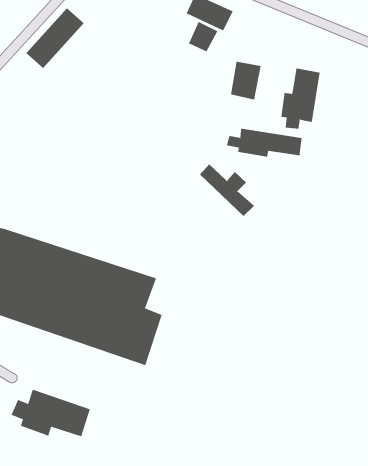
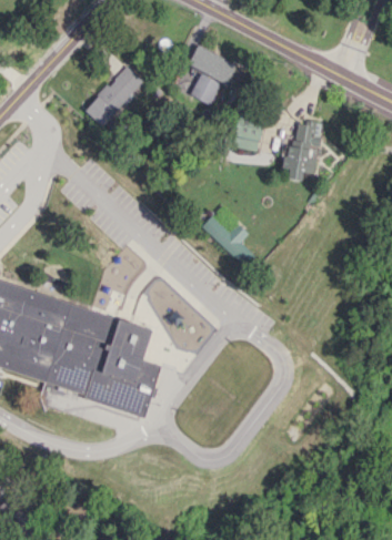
building: [26,8,84,69] -> [84,65,143,126]
building: [226,128,302,157] -> none
building: [11,389,91,437] -> none

